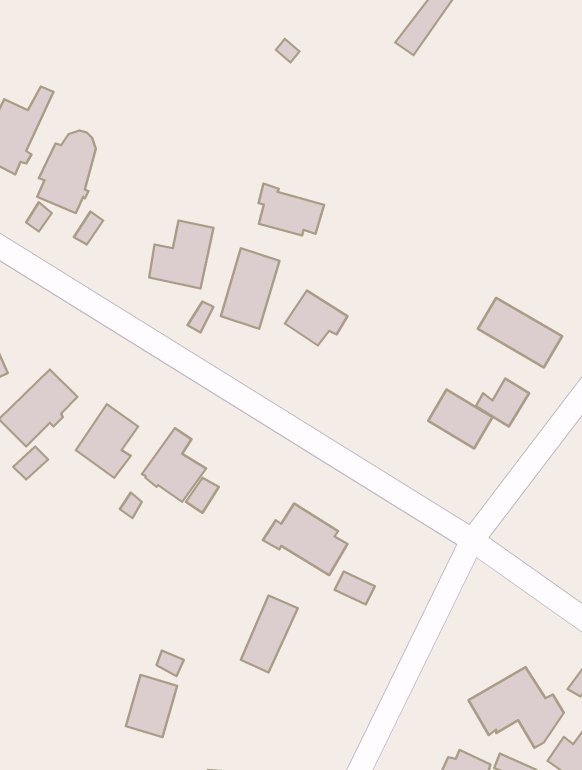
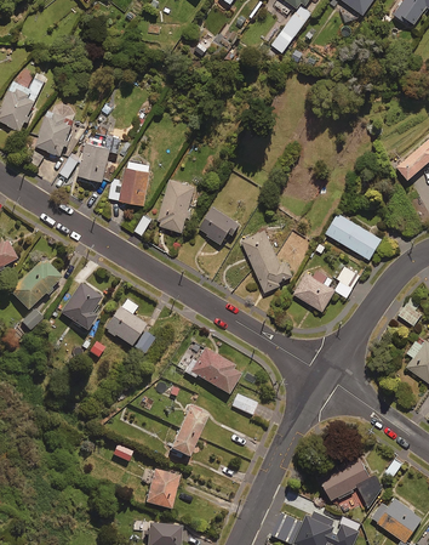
building: none -> [76,136,120,182]
building: [258,184,324,235] -> none
building: none -> [240,231,292,293]
building: [126,675,177,737] -> [144,470,178,511]

